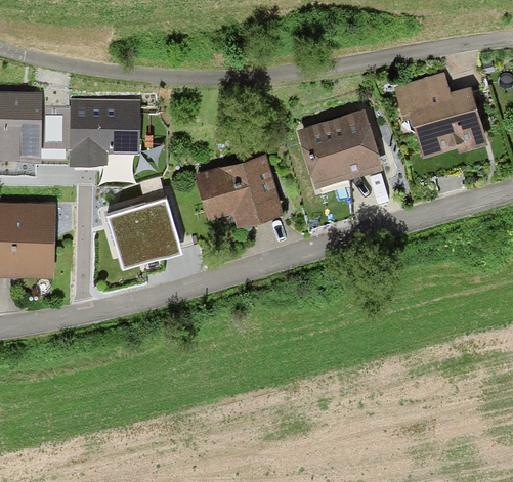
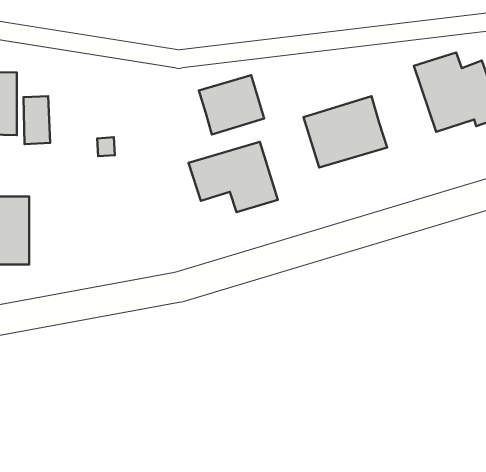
building: none -> [199,75,264,135]
building: [73,98,142,165] -> none
building: [110,198,179,264] -> none

